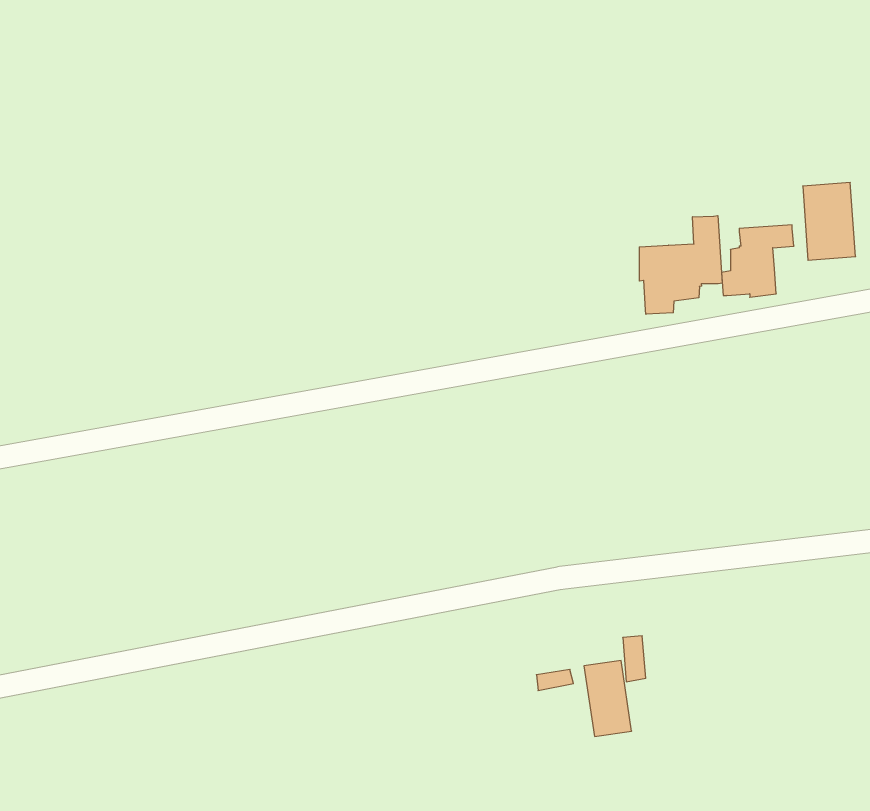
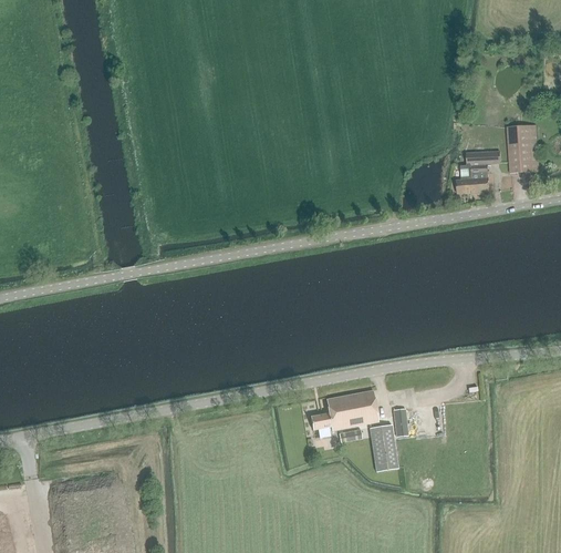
building: [639,216,722,314] -> none
building: none -> [310,389,377,429]

